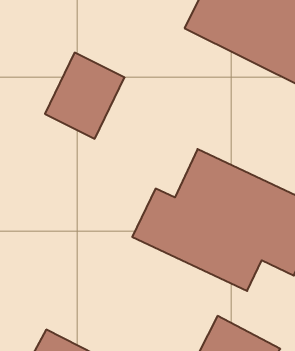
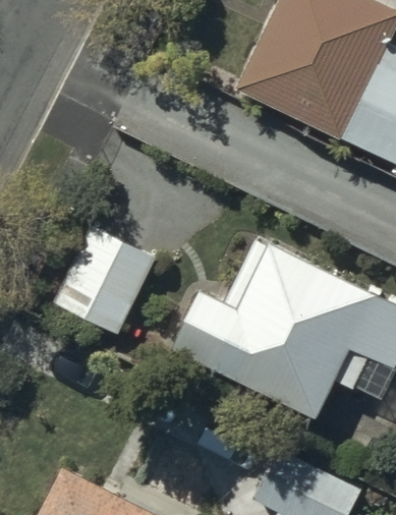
building: [45,53,125,139] -> [54,225,155,334]

